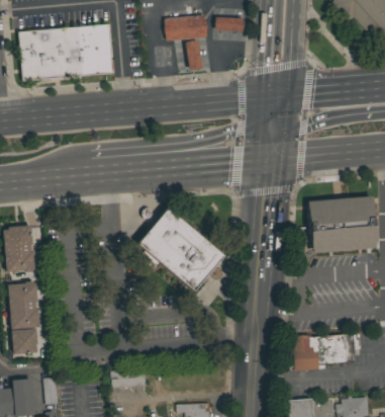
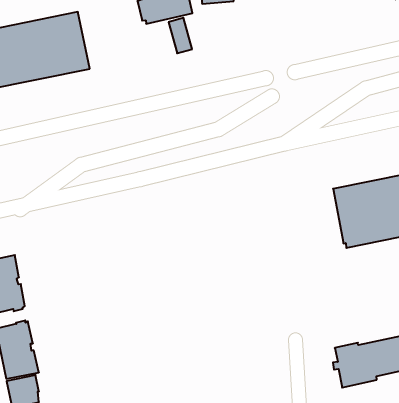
building: [137,209,223,291] -> none

